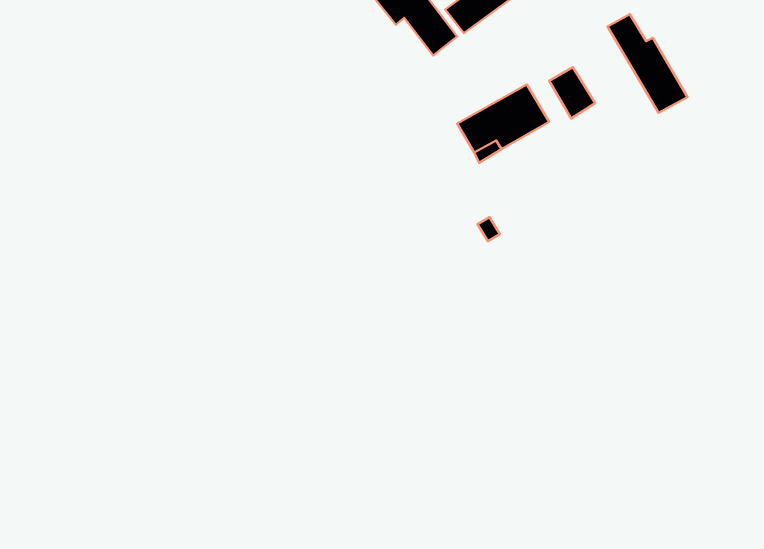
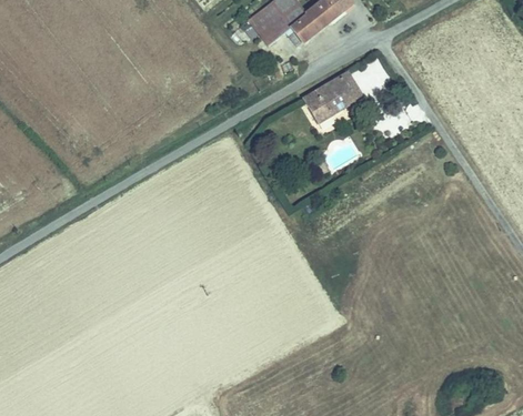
building: [608,14,688,113] -> none

